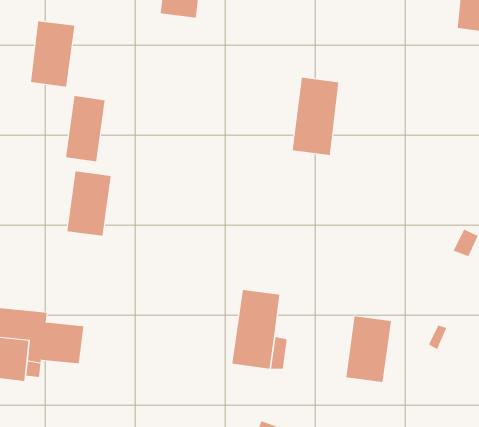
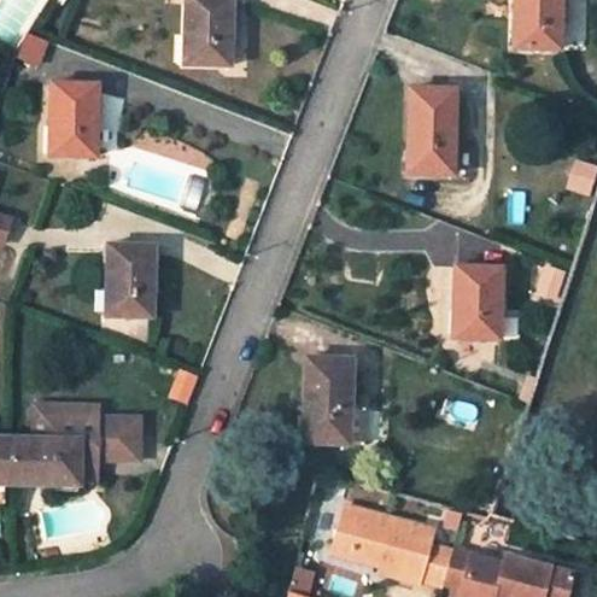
building: [292,77,339,156] -> [408,92,452,175]
building: [66,95,105,162] -> none
building: [346,316,392,382] -> [455,270,499,340]

